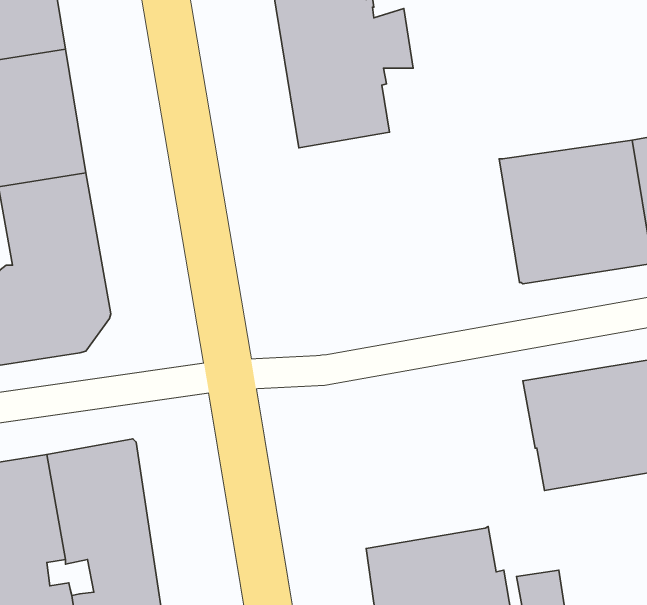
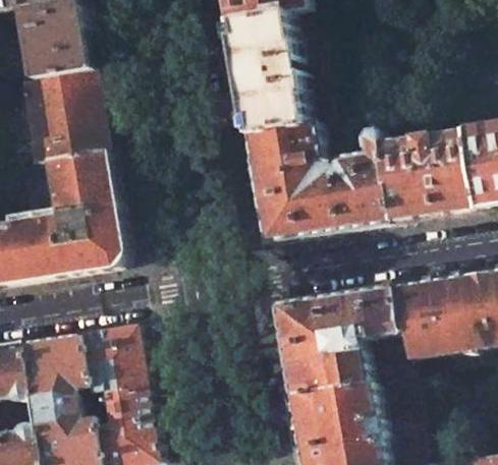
building: none -> [243,123,387,244]
building: none -> [272,287,406,396]

